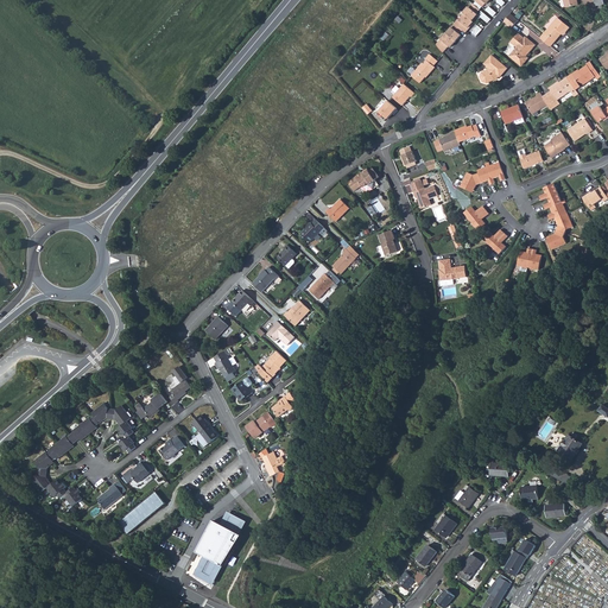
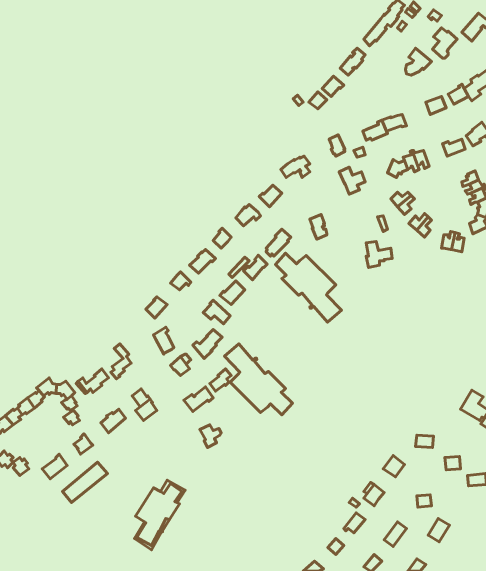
building: none -> [275,253,341,322]
building: none -> [224,344,292,415]

